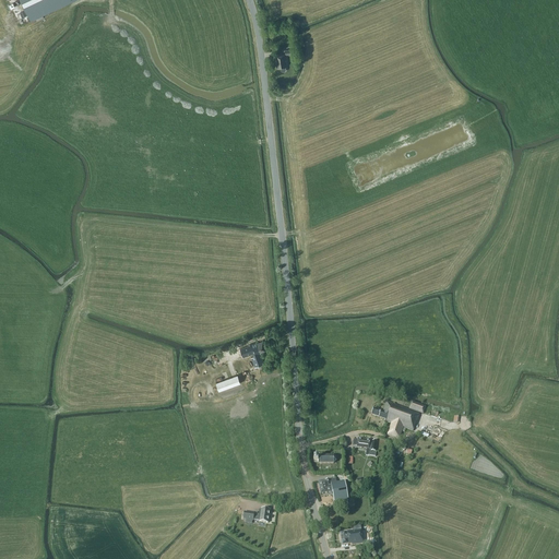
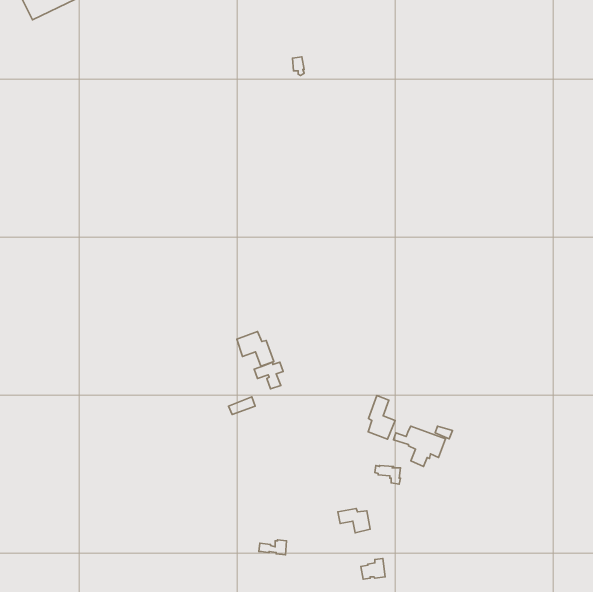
building: none -> [237,331,274,366]
building: none -> [368,395,395,439]

